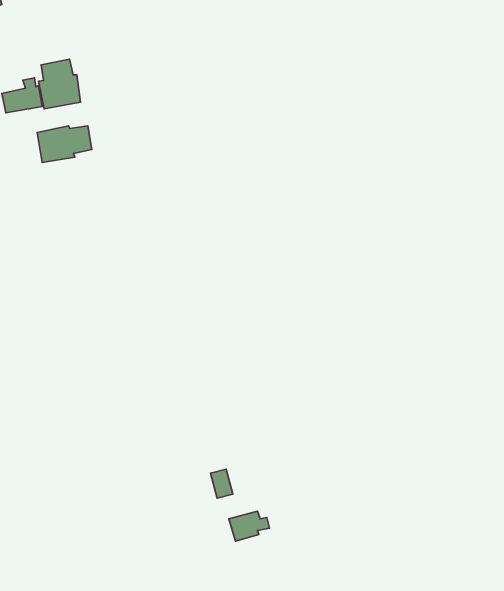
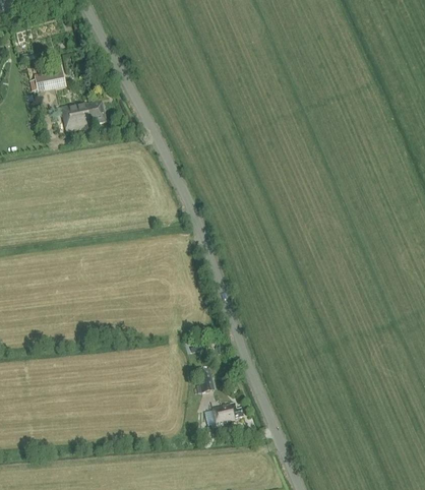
building: [38,59,80,109] -> none

